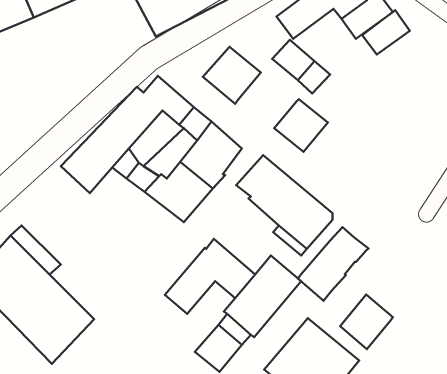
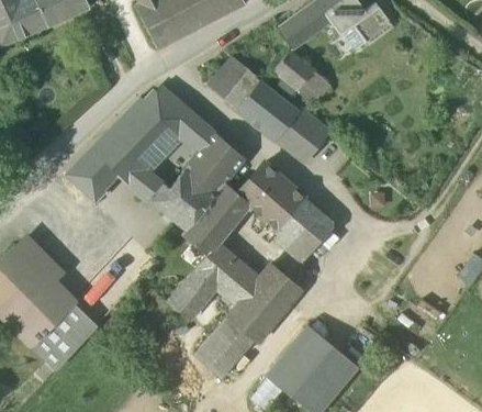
building: [362,10,410,55] -> none
building: none -> [240,83,298,138]
building: [298,227,368,301] -> [183,185,253,257]
building: [340,294,393,349] -> none

